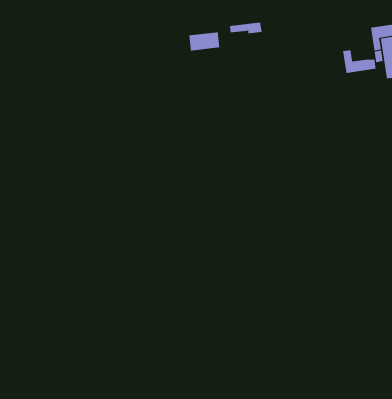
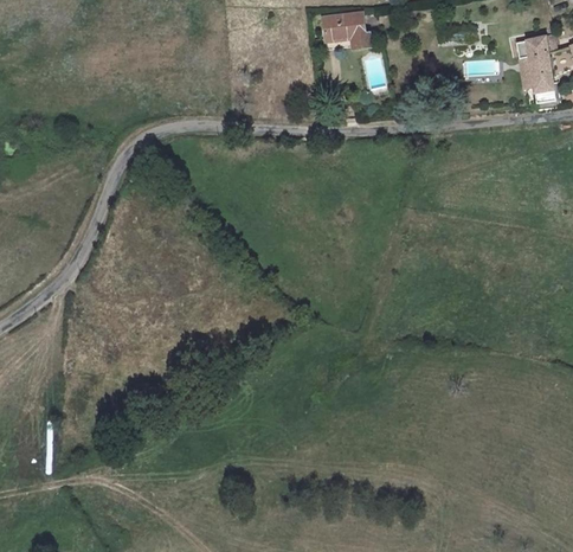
building: [189,32,220,51] -> [323,11,366,37]
building: [343,50,376,74] -> none

